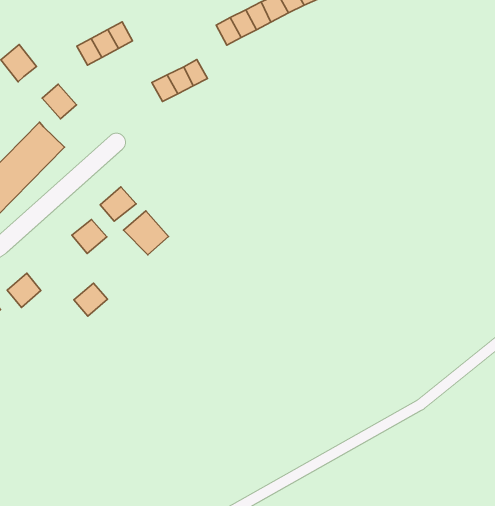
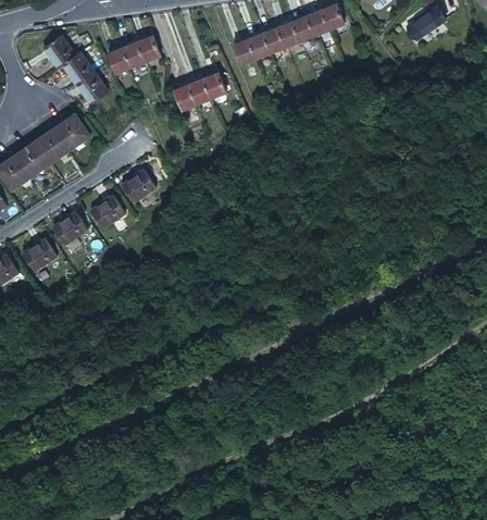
building: none -> [62,61,91,92]
building: [123,211,168,255] -> none
building: [74,283,108,316] -> [54,218,84,246]

